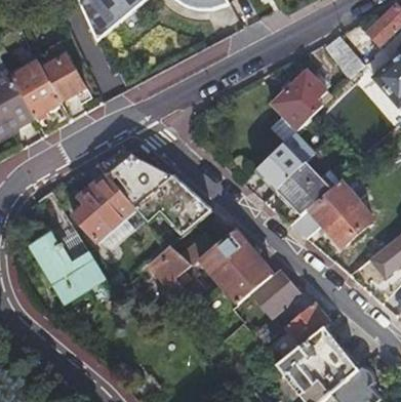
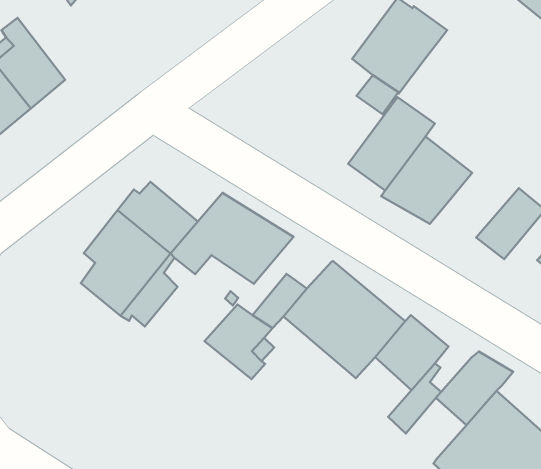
building: [309,180,360,229] -> none
building: [27,233,103,300] -> none

